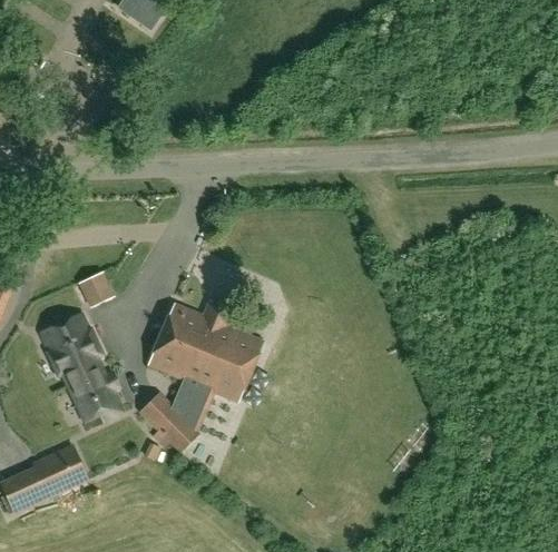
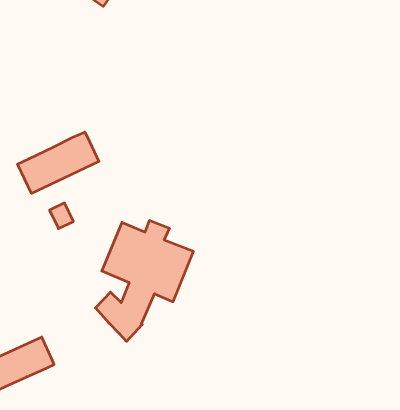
building: none -> [18,132,99,193]
building: [42,318,120,420] -> none

